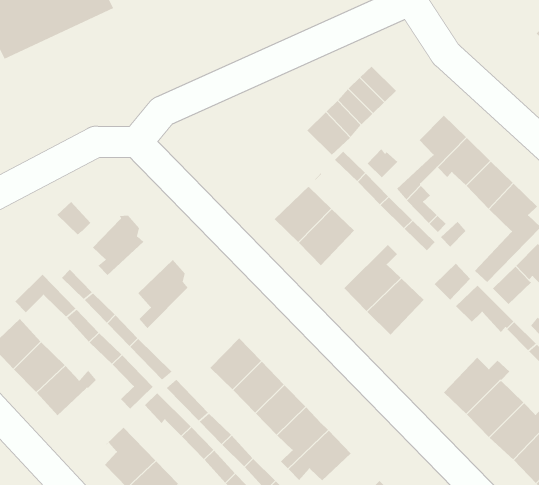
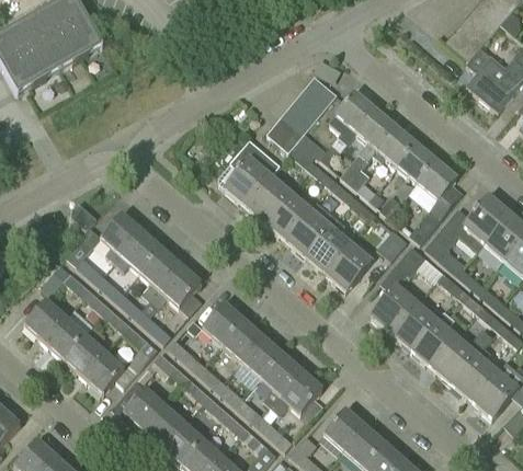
building: none -> [329,92,375,143]
building: none -> [219,139,280,205]
building: none -> [285,209,338,256]
building: none -> [114,231,166,273]
building: none -> [149,265,203,308]
building: none -> [371,287,417,334]
building: none -> [82,353,125,394]

